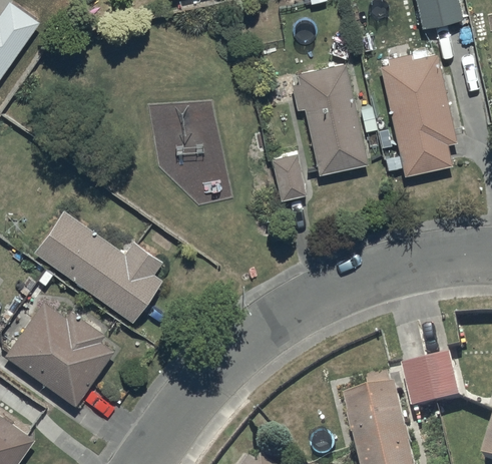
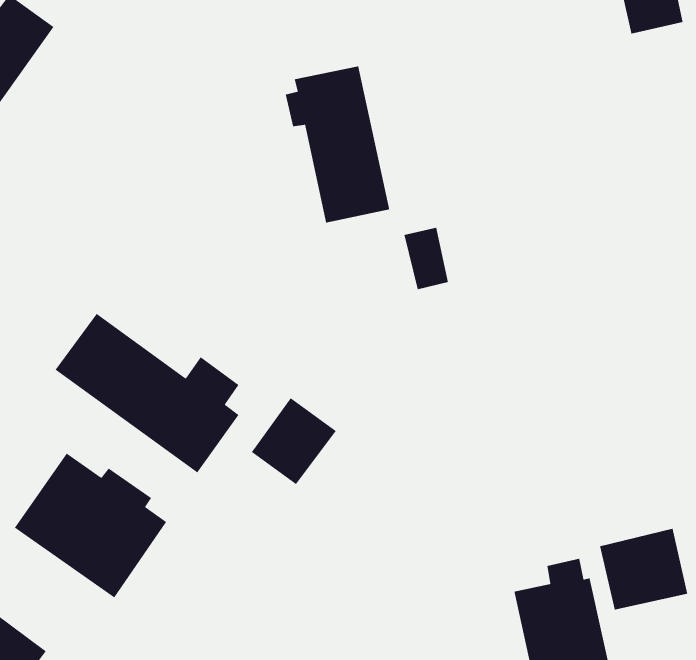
building: [386,57,449,171] -> none
building: [293,67,363,172] -> [285,65,390,223]
building: none -> [251,397,337,485]

